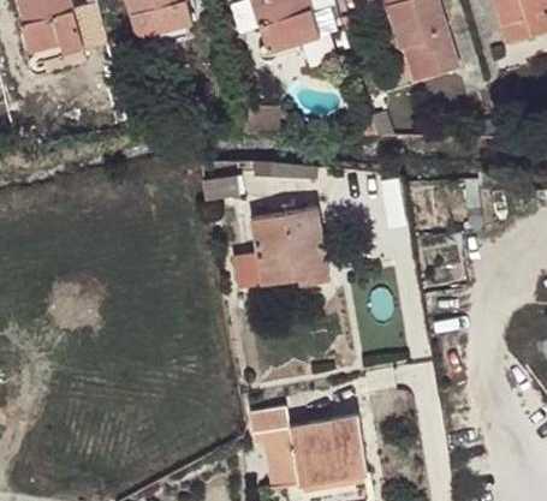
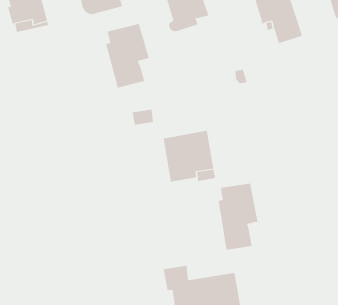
building: none -> [105,23,150,88]
building: none -> [218,183,258,251]

